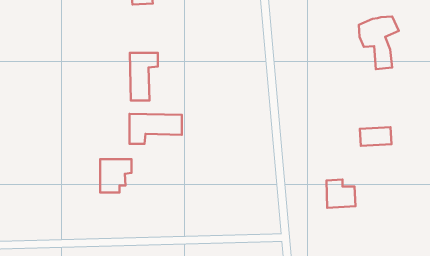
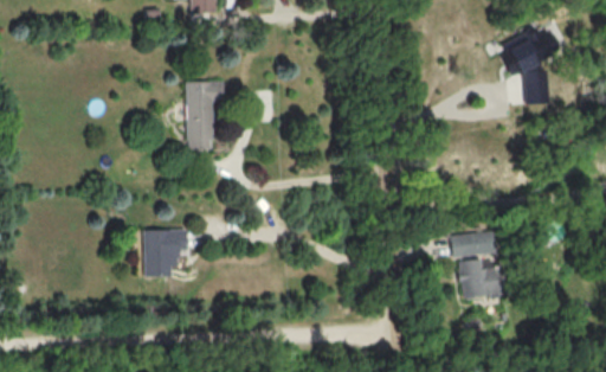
building: [130,114,182,144] -> none
building: [360,127,391,146] -> [451,230,495,256]

